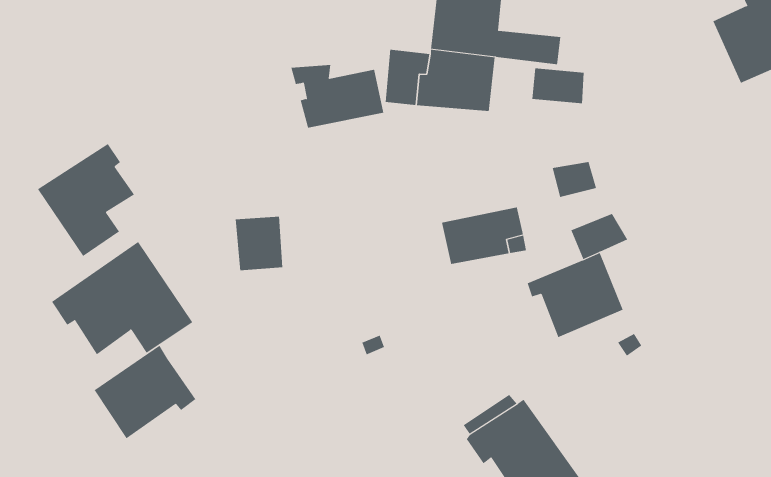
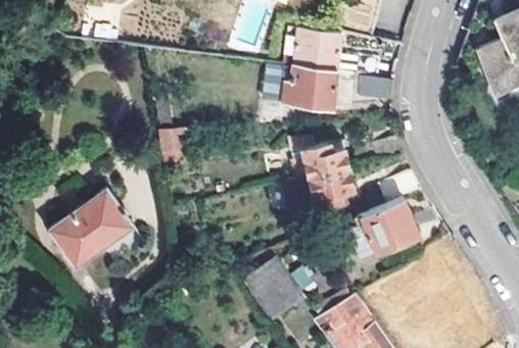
building: [291,64,384,130] -> [289,137,350,180]
building: [37,143,135,257] -> none
building: [235,216,283,271] -> [158,131,190,166]
building: [94,345,196,439] -> none
building: none -> [245,259,312,318]

